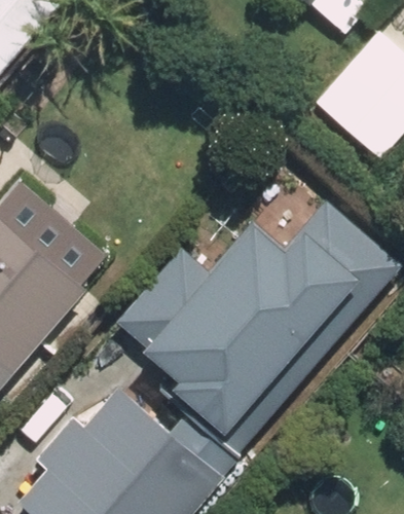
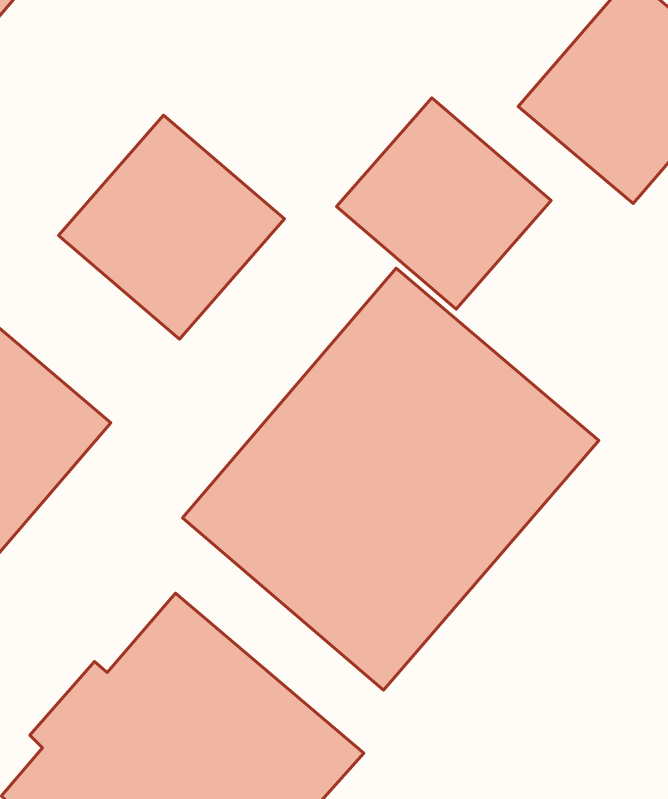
building: none -> [336,98,551,309]
building: none -> [59,115,285,339]

